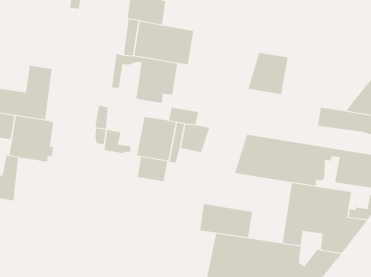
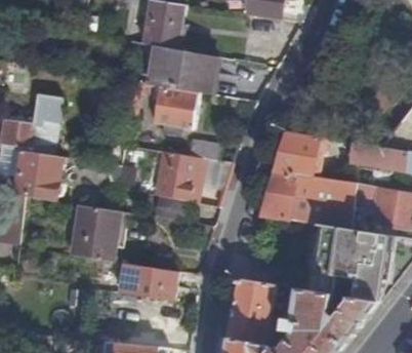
building: [247,53,288,94] -> [274,130,319,177]
building: none -> [71,205,119,261]
building: [200,203,253,238] -> [120,263,178,301]

